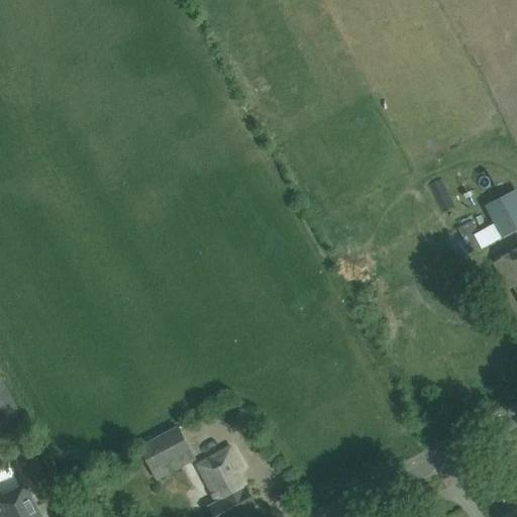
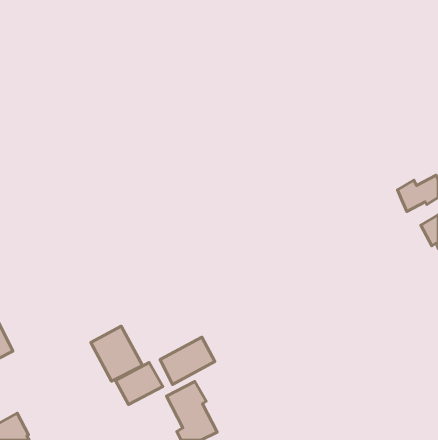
building: none -> [91,326,143,381]
building: none -> [160,337,215,385]

